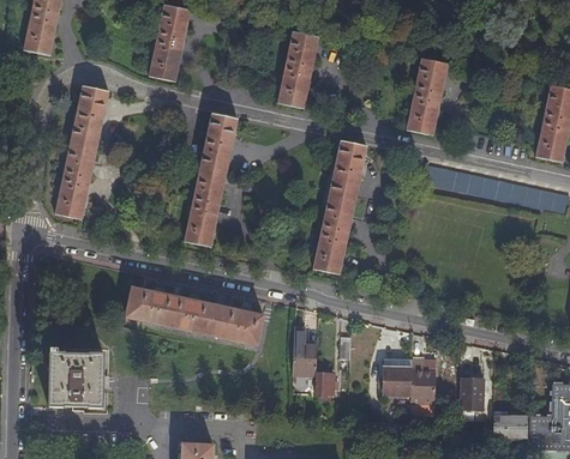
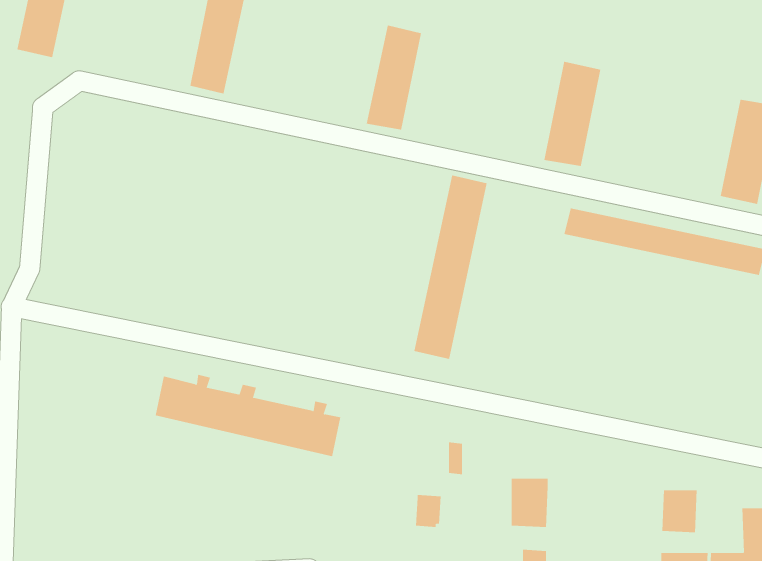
building: [55,85,110,219] -> none
building: [185,113,239,247] -> none
building: [293,328,317,375] -> none
building: [48,346,103,407] -> none
building: [410,367,436,403] -> none
building: [458,378,485,409] -> [661,490,698,533]

